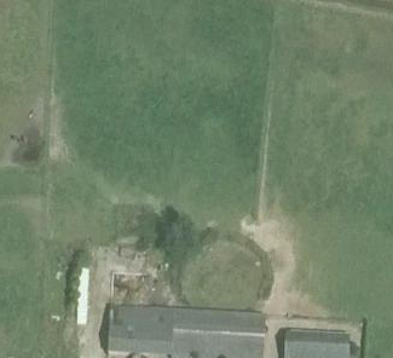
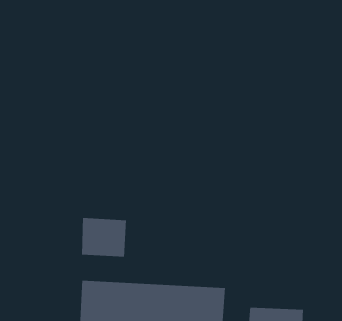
building: none -> [81,217,127,258]

